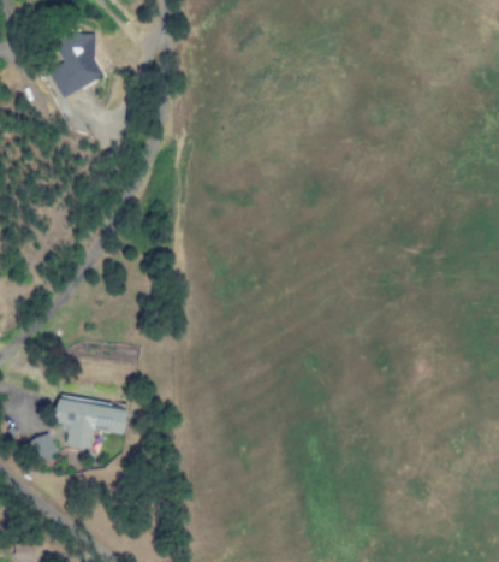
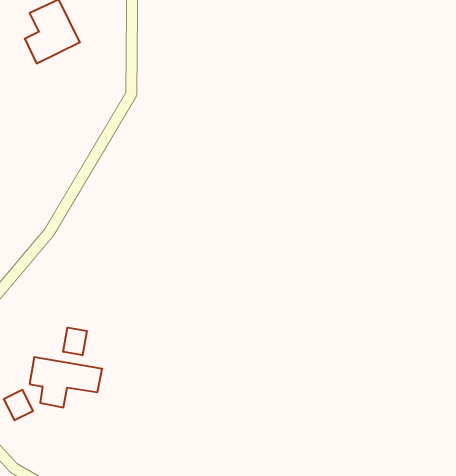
building: none -> [63,328,87,355]

